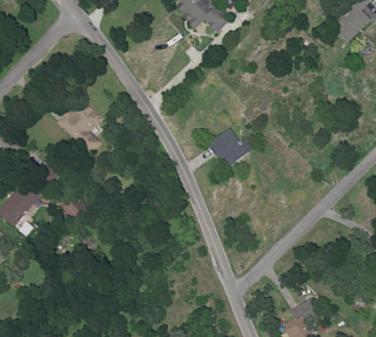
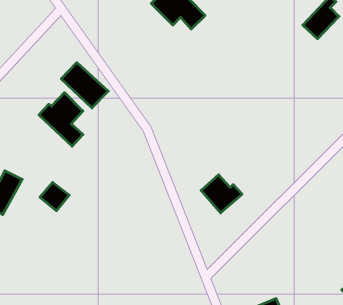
building: none -> [61,63,108,108]
building: [209,127,252,167] -> [201,175,242,213]

